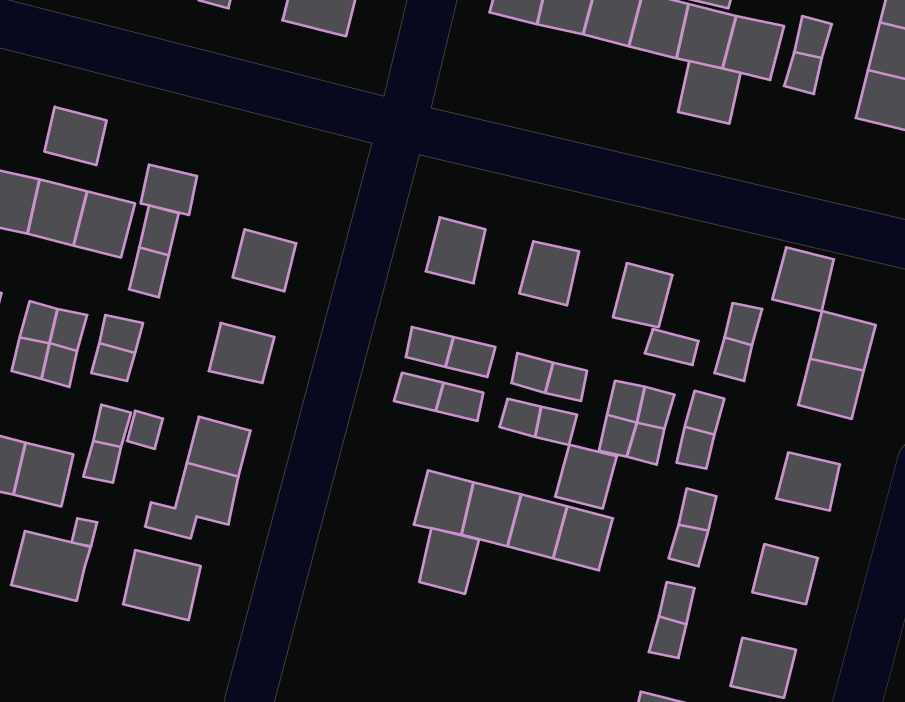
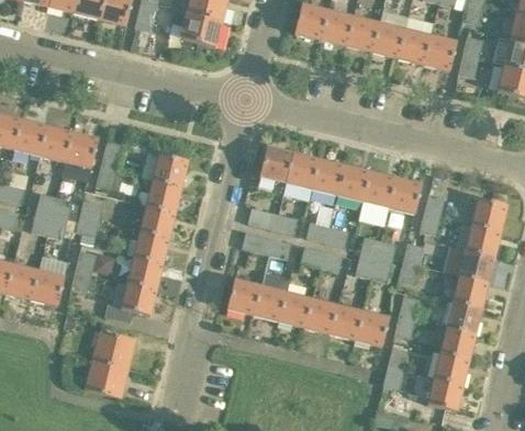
building: [678,61,741,124] -> none
building: [45,107,106,165] -> none
building: [141,165,197,215] -> none
building: none -> [286,152,319,188]
building: [772,247,834,311] -> [388,178,422,213]
building: none -> [337,165,370,201]
building: none -> [146,179,181,212]
building: none -> [134,230,169,263]
building: none -> [459,249,494,282]
building: [555,445,617,508] -> [355,311,389,347]
building: none -> [446,300,482,333]
building: [419,528,479,594] -> [227,279,260,315]
building: [11,531,91,601] -> [85,359,129,397]
building: none -> [434,352,469,384]

